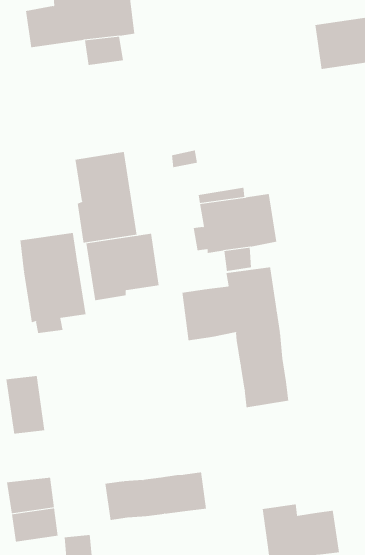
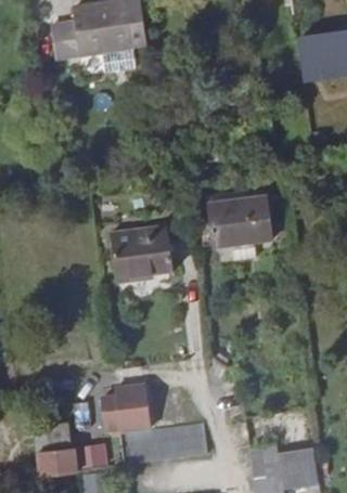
building: [75,151,137,244] -> none
building: [20,232,86,334] -> none
building: [182,267,289,408] -> none
building: [6,375,45,434] -> [114,377,147,427]

